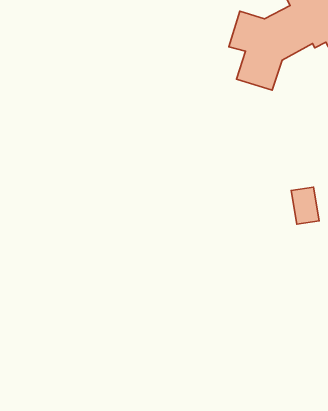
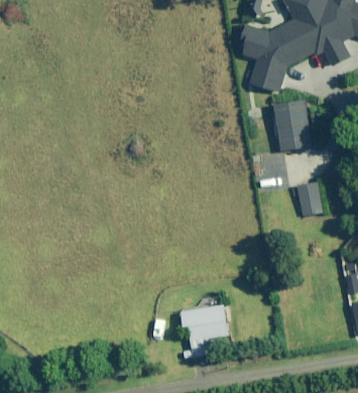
building: none -> [273,101,311,151]
building: none -> [181,305,228,358]

